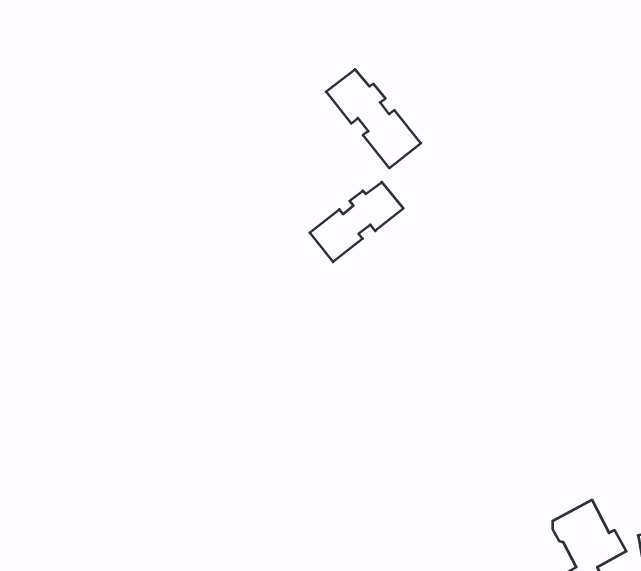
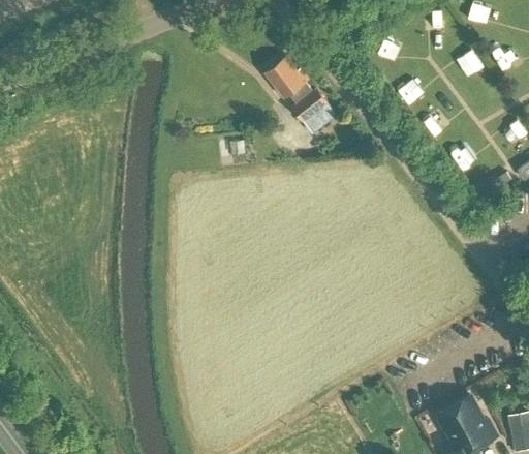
building: [310,182,403,262] -> none

